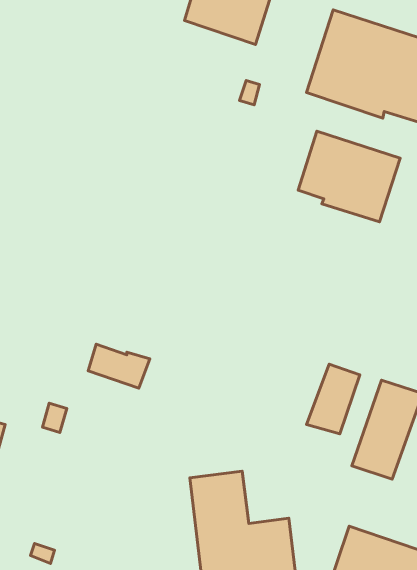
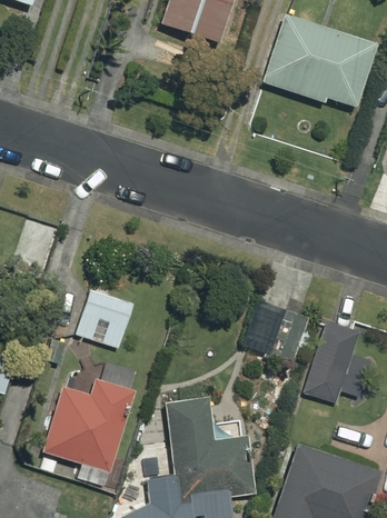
building: [298,131,400,222] -> none
building: none -> [41,379,136,472]

